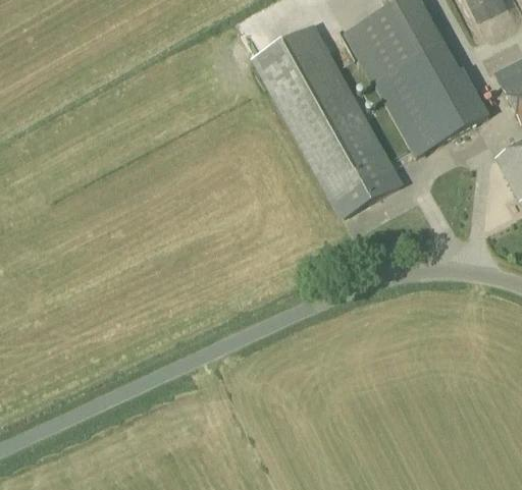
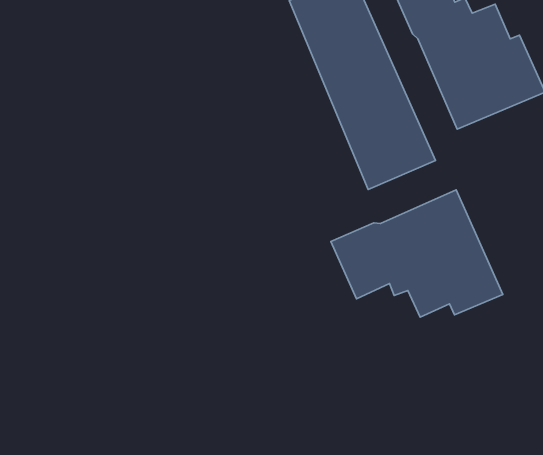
building: none -> [331,190,503,317]

